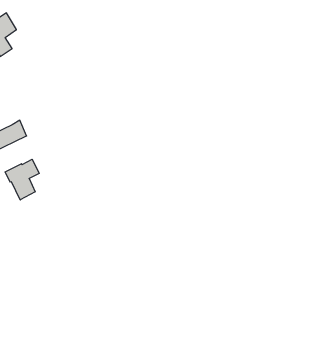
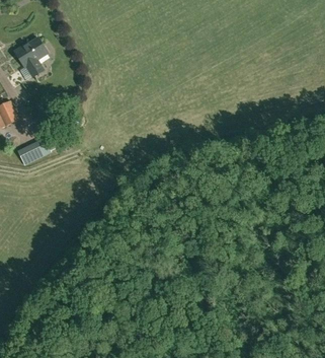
building: [5,159,39,200] -> none

